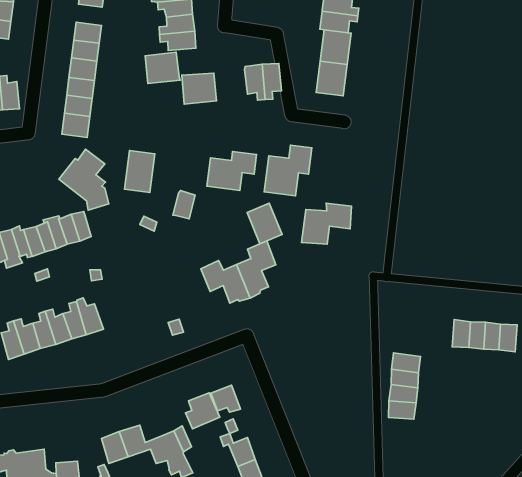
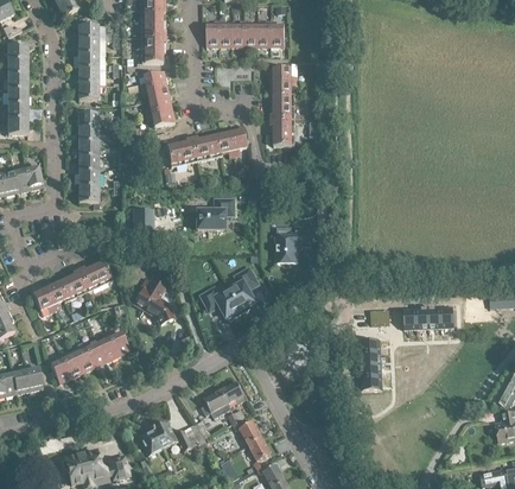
building: [145,52,180,83] -> [190,133,220,160]
building: [264,145,312,196] -> none
building: [59,149,109,210] -> [132,277,173,324]
building: [247,203,282,244] -> none

